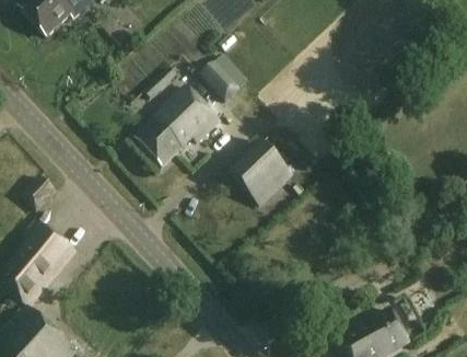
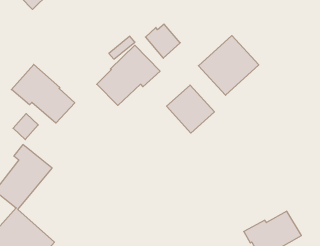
building: none -> [198,36,259,95]
building: none -> [11,64,75,123]

